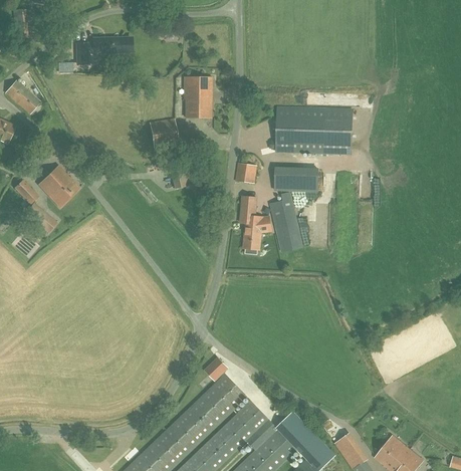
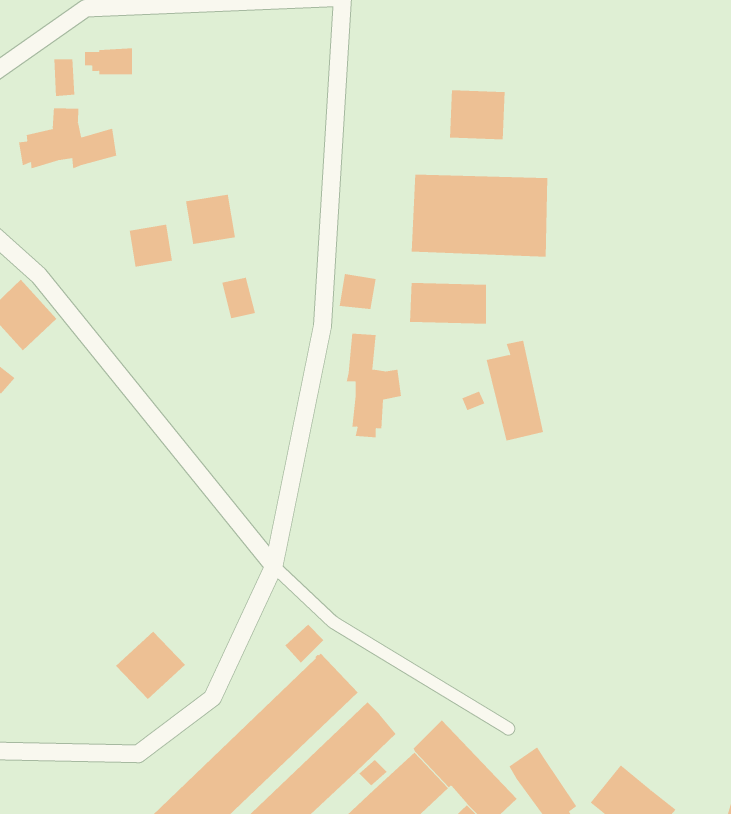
building: none -> [449,89,505,140]
building: none -> [18,108,117,169]
building: [184,75,211,116] -> none
building: none -> [129,224,173,267]
building: [269,191,301,247] -> [486,340,544,441]
building: none -> [115,631,186,700]

